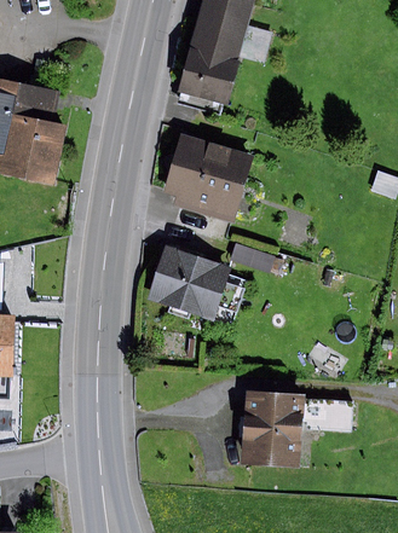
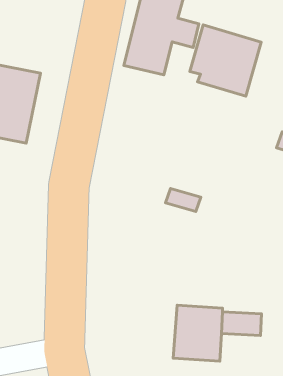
building: [165,132,255,222] -> [190,25,261,96]
building: [149,245,231,319] -> none

